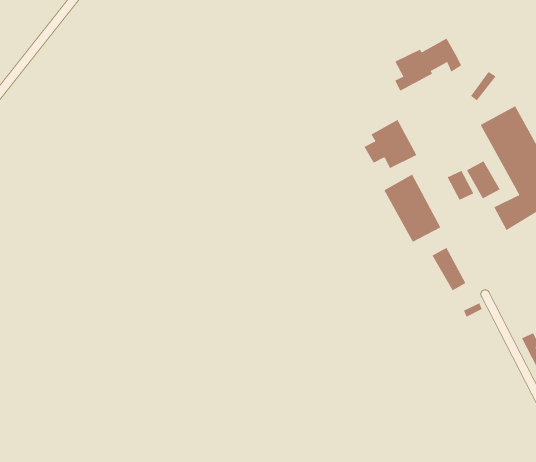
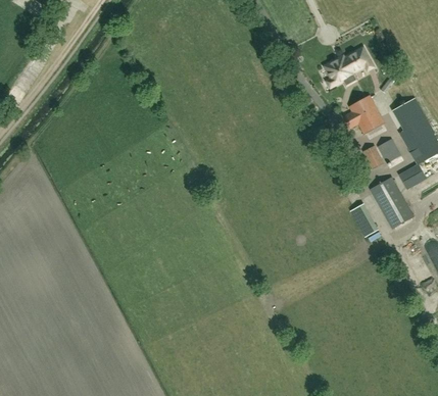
building: [363,119,417,169] -> [344,95,384,132]
building: [383,174,441,243] -> [371,176,413,227]

